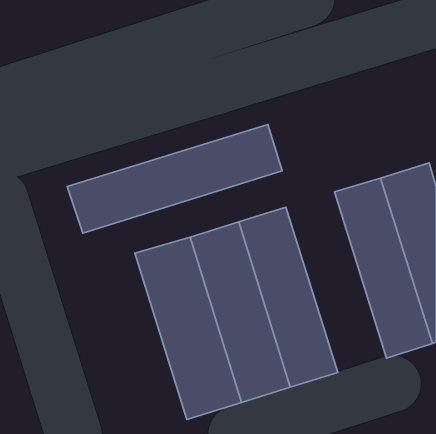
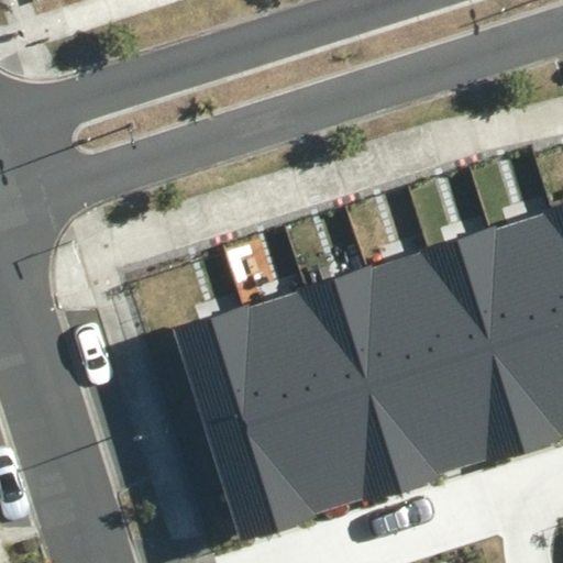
building: [67,124,282,233] -> none
building: none -> [368,247,498,481]

